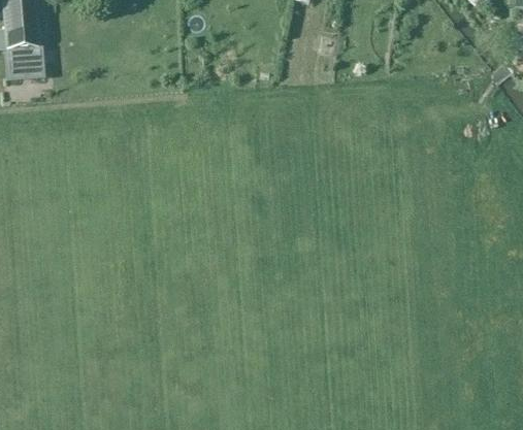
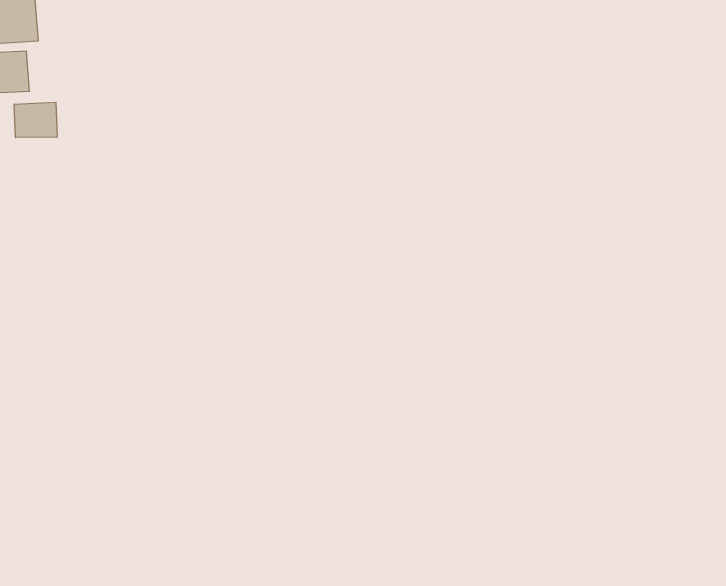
building: none -> [14,102,57,138]

